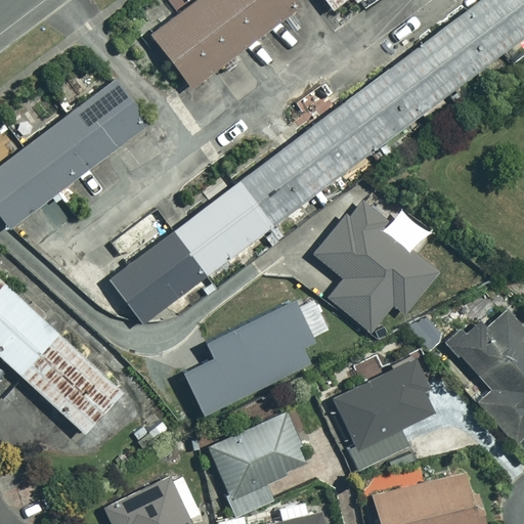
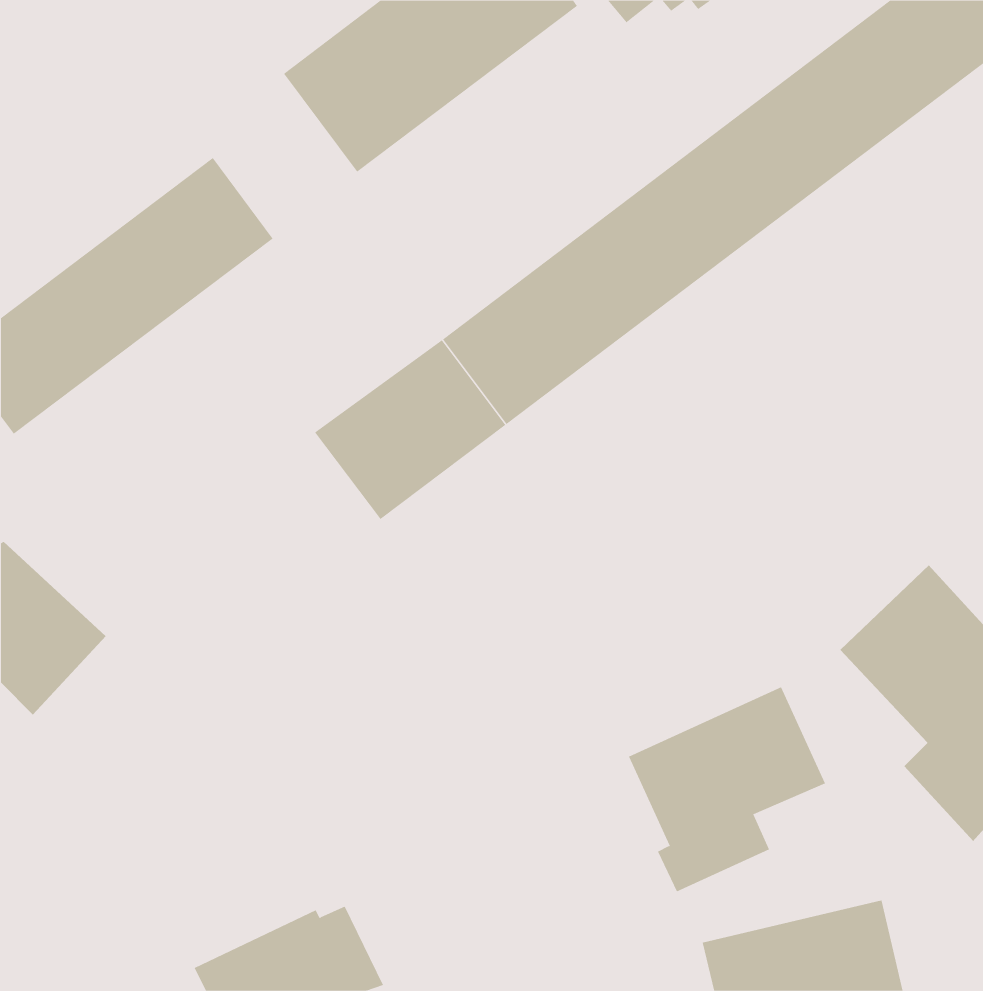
building: [311,199,439,331] -> none
building: [105,228,205,322] -> none
building: [180,298,313,413] -> none
building: [21,336,124,436] -> none
building: [211,416,307,517] -> none

